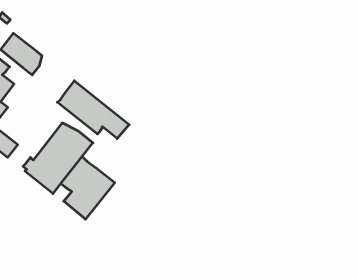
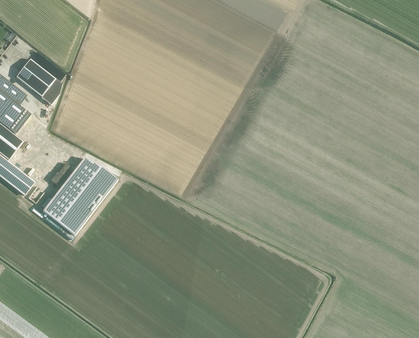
building: [57,81,129,139] -> none
building: [61,157,115,219] -> none

